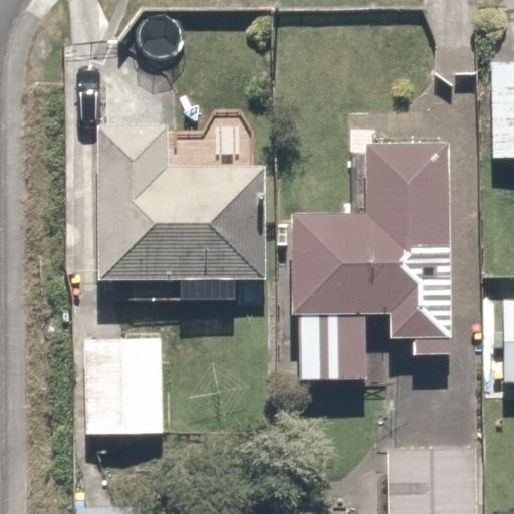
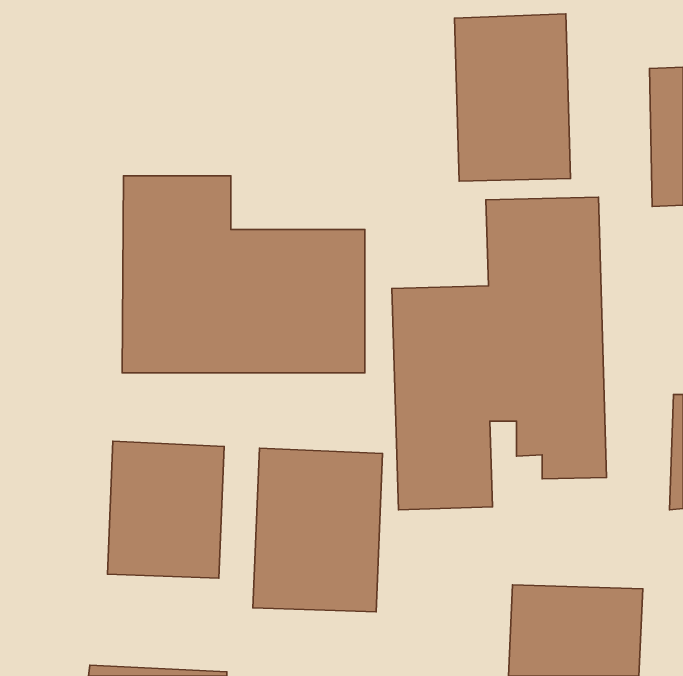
building: none -> [455,14,570,181]
building: none -> [253,448,383,612]

